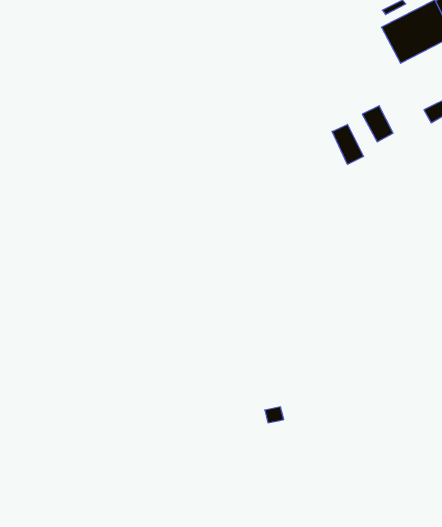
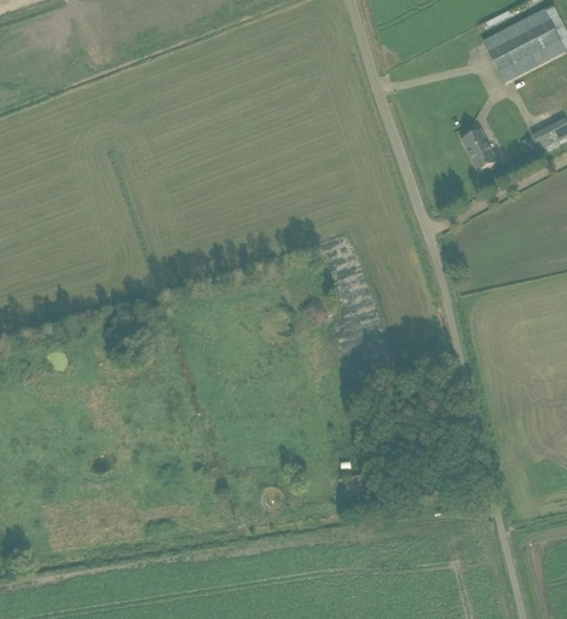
building: [332,124,364,164] -> none

